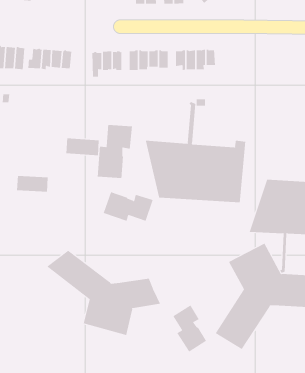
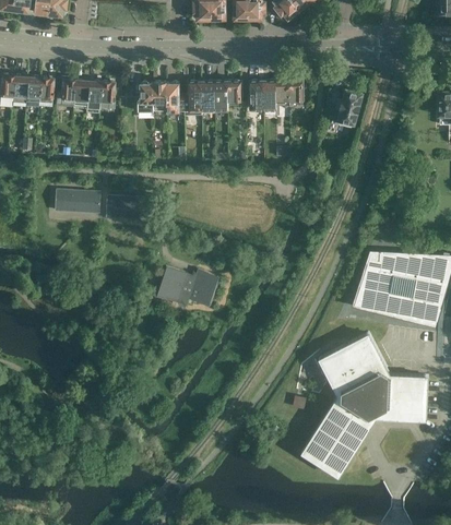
building: none -> [327,90,363,127]
building: [145,101,246,203] -> none
building: [97,124,132,179] -> none
building: [16,176,49,192] -> [57,191,99,213]
building: [46,250,161,336] -> none
building: [173,304,207,352] -> none

